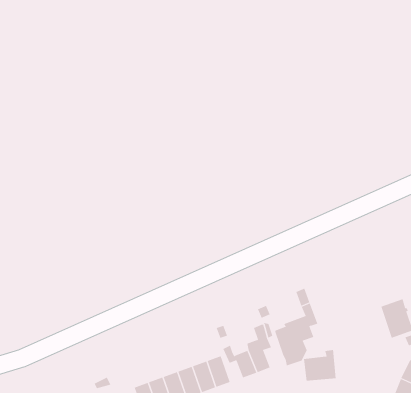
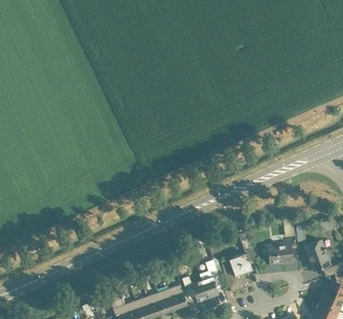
building: [303,349,336,381] -> [267,239,293,263]

